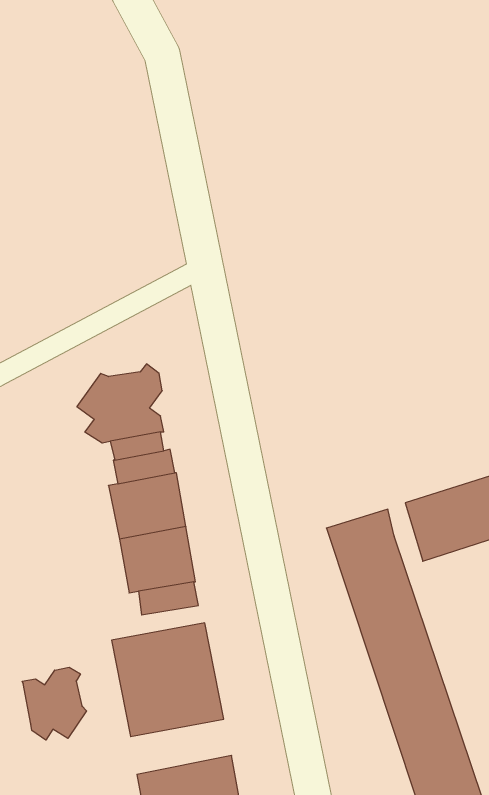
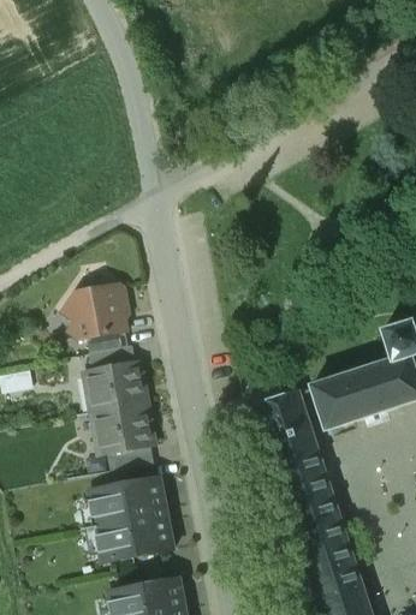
building: [22,667,87,740] -> none

